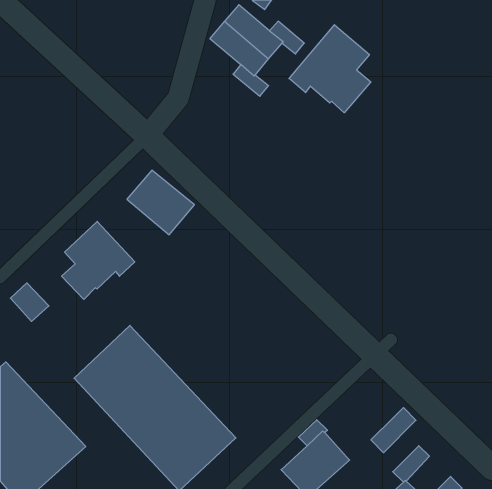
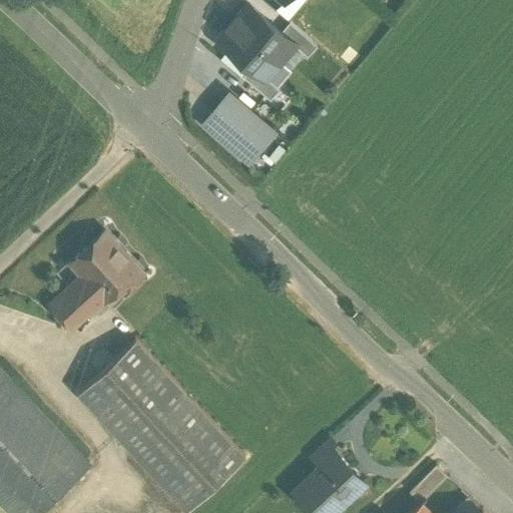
building: [289,25,371,113] -> none
building: [127,170,194,235] -> [203,97,274,164]
building: [10,283,49,321] -> [47,291,87,331]
building: [371,408,416,453] -> none

